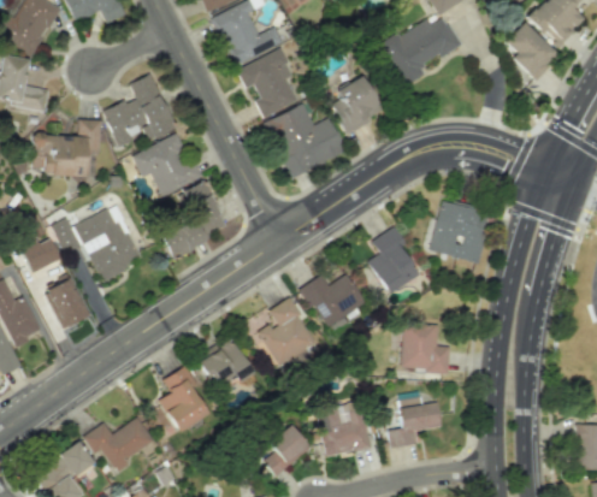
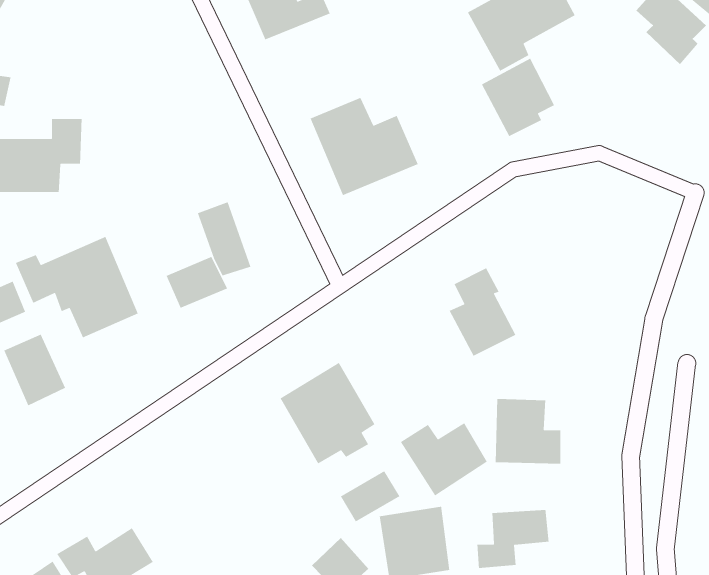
building: [237,47,298,118] -> none
building: [104,73,176,144] -> none
building: [327,76,382,134] -> [481,58,555,137]
building: [132,132,200,195] -> none
building: [430,200,491,264] -> none
building: [301,273,365,327] -> [400,422,488,497]
building: [199,338,253,392] -> none
building: [159,365,208,432] -> none
building: none -> [340,470,400,523]

